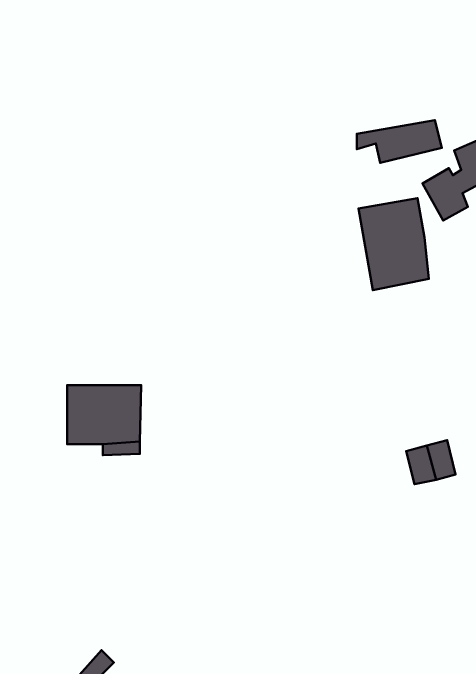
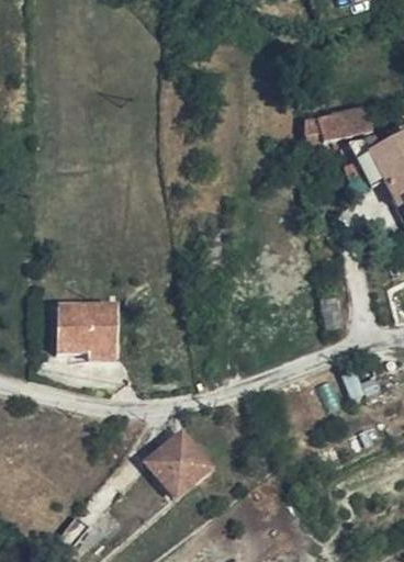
building: [359,198,429,290] -> none
building: none -> [148,434,211,497]

